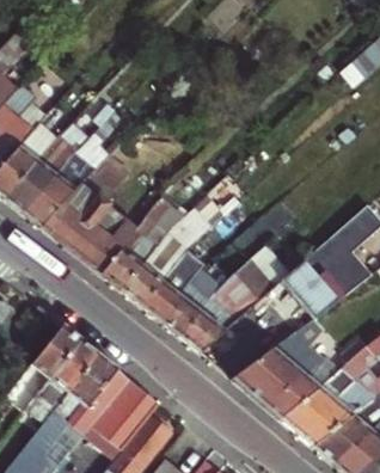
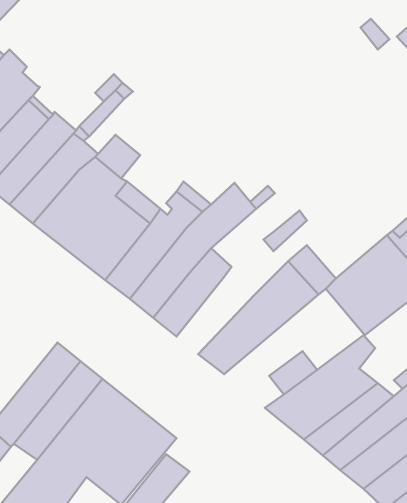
building: [160,268,225,334] -> none

